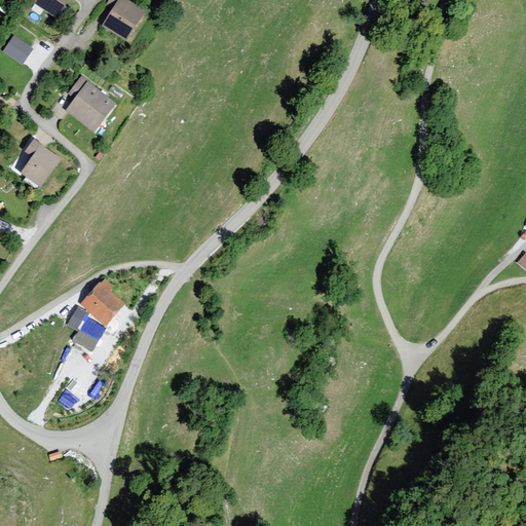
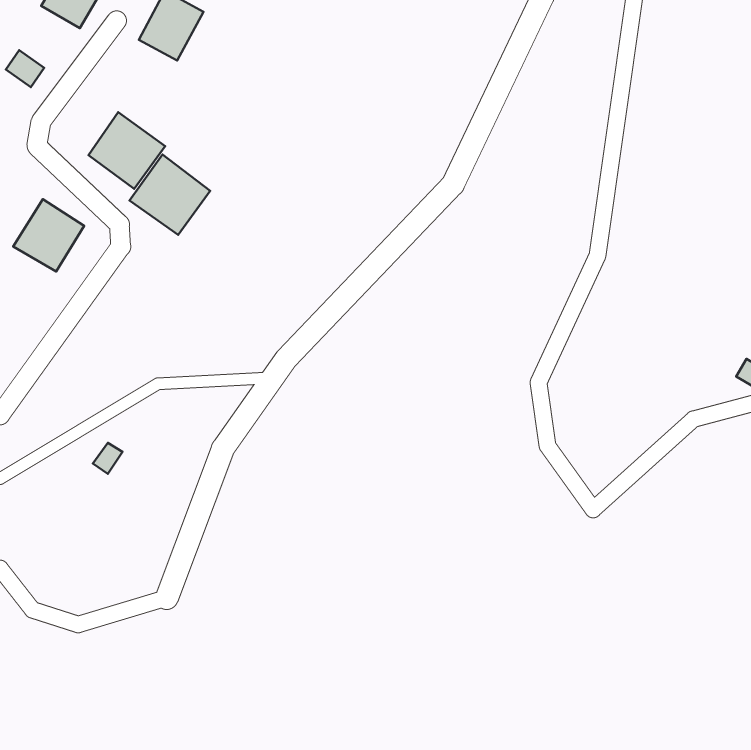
building: none -> [130,155,210,235]
building: [80,277,124,326] -> none

